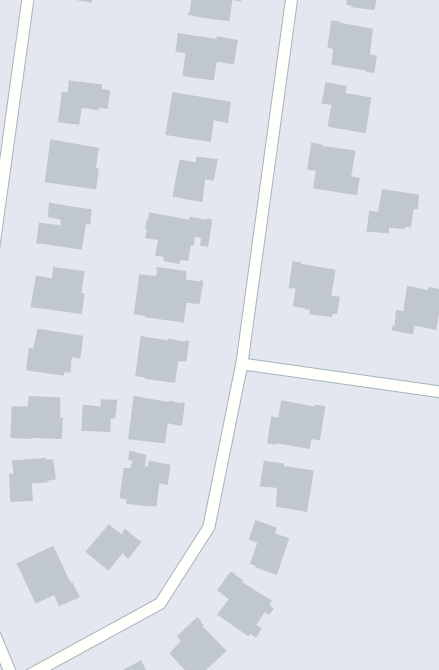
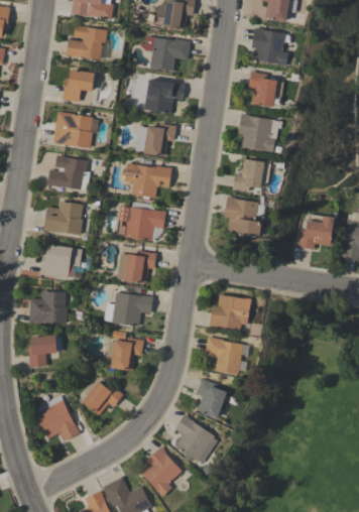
building: none -> [66,24,108,59]
building: [366,188,420,234] -> [233,158,271,190]
building: [81,398,118,433] -> none

